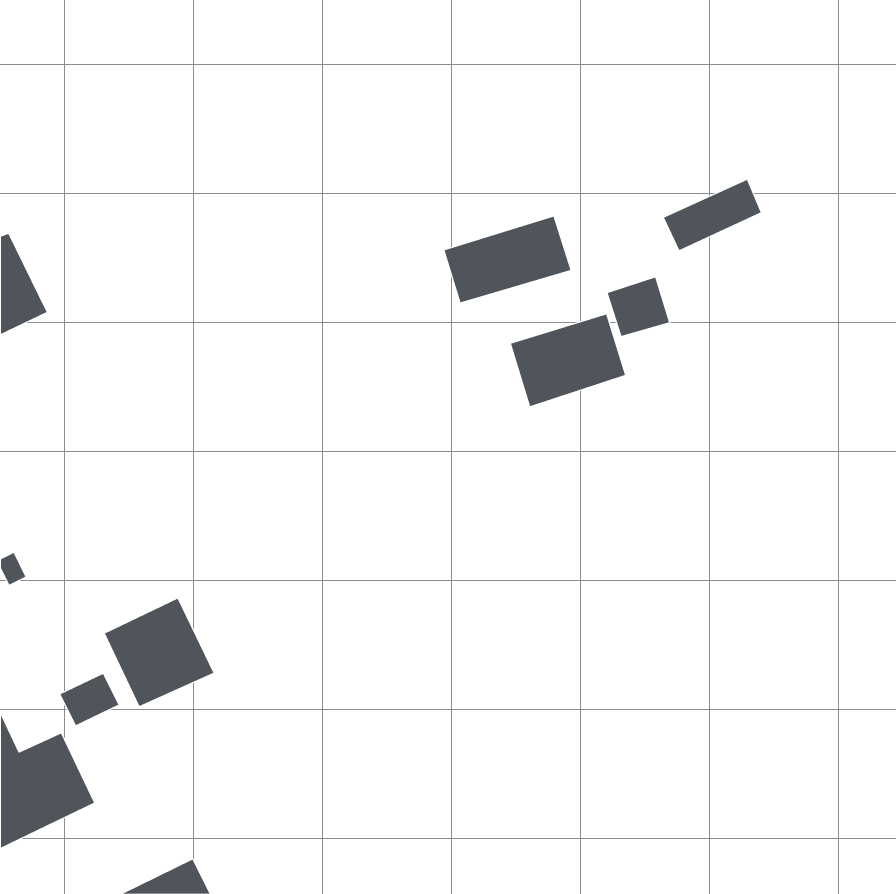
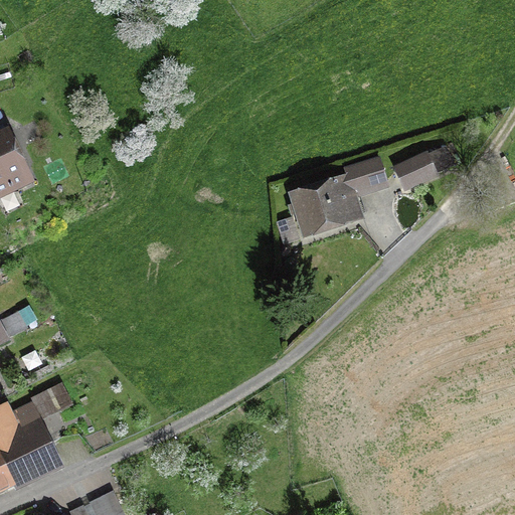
building: [663,179,761,251] -> [395,147,452,188]
building: [444,216,571,303] -> none
building: [104,598,214,707] -> none

